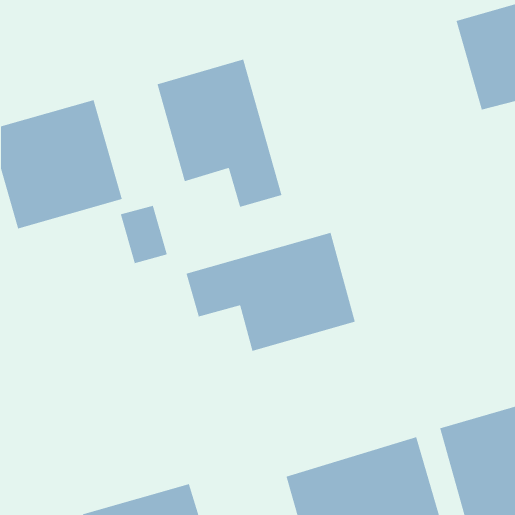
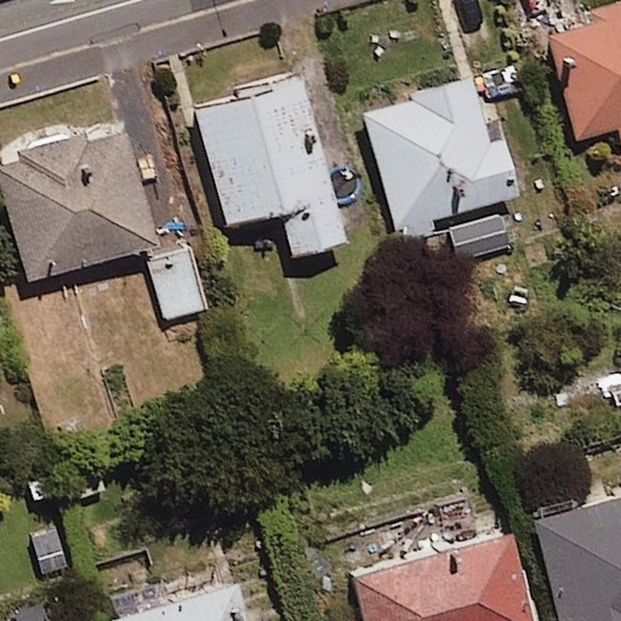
building: none -> [359,79,523,268]
building: [186,232,356,352] -> none

